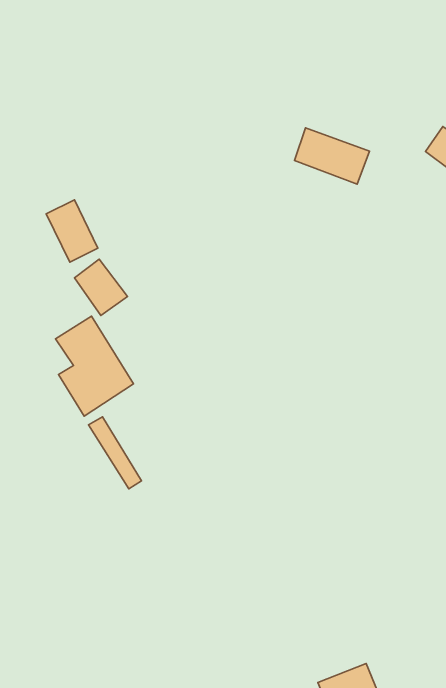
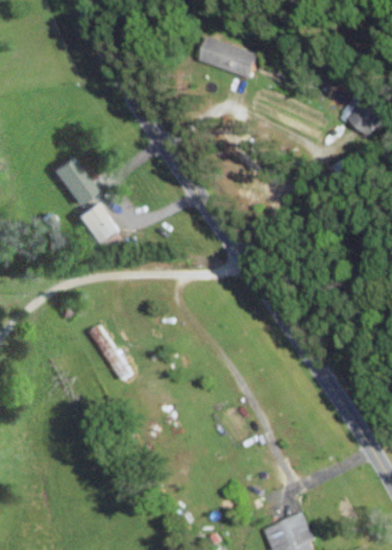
building: [295,128,370,184] -> [201,36,259,79]
building: [56,316,134,416] -> none

